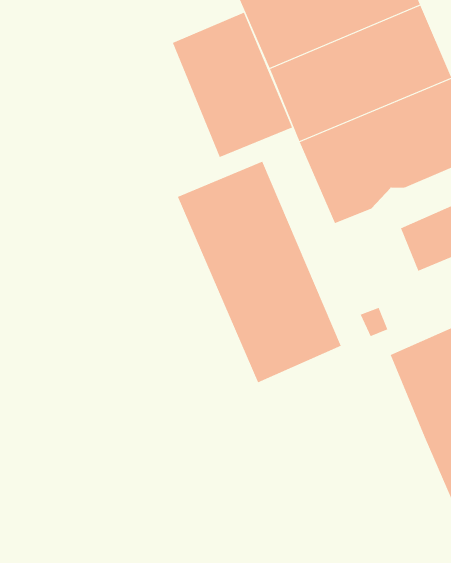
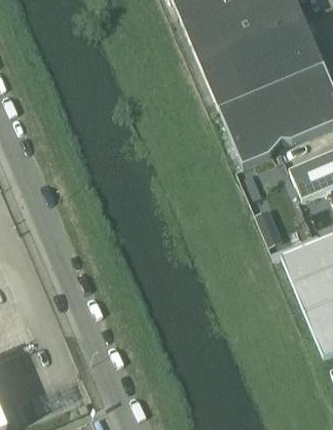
building: [172,12,293,158] -> none
building: [177,161,342,383] -> none

